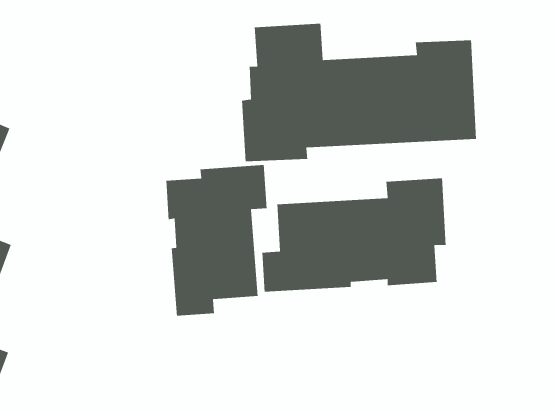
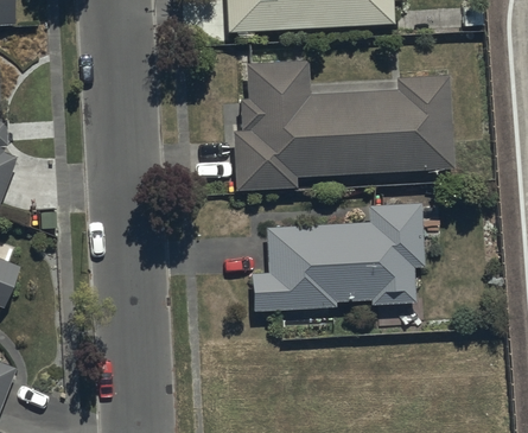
building: [166,164,267,316] -> none

